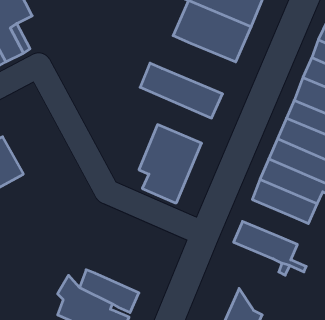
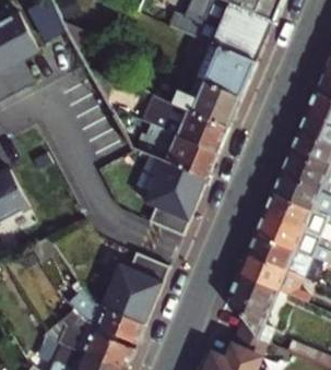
building: none -> [166,76,239,127]
building: none -> [132,120,215,176]
building: none -> [246,231,294,270]
building: none -> [99,251,167,324]
building: none -> [227,274,276,339]

